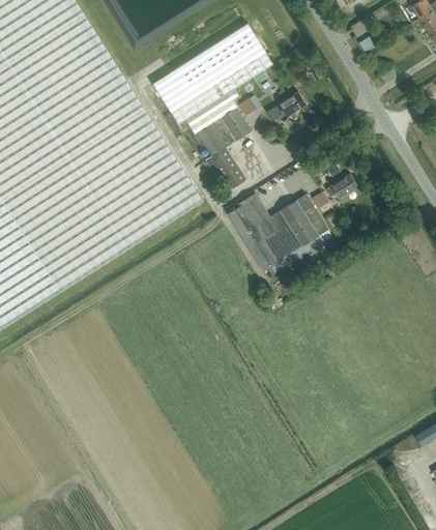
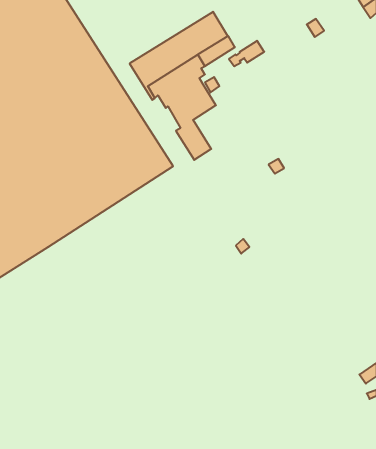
building: [266,91,307,120] -> [229,41,264,66]
building: [325,173,358,198] -> none
building: [227,193,332,283] -> none

